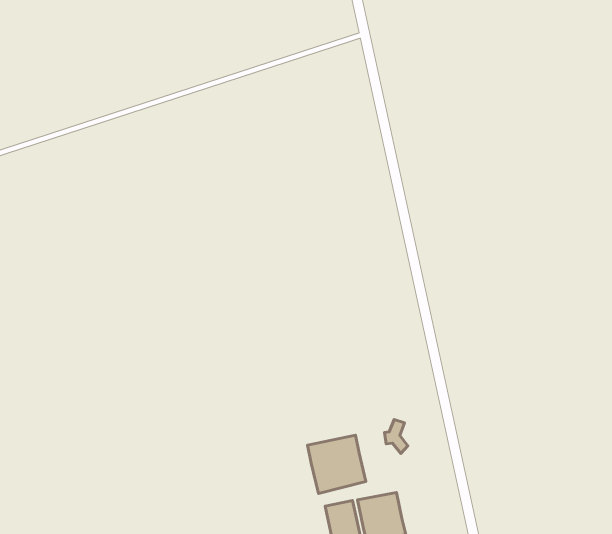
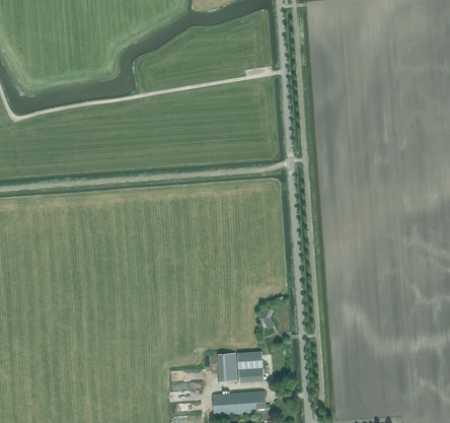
building: [308,435,366,494] -> none

